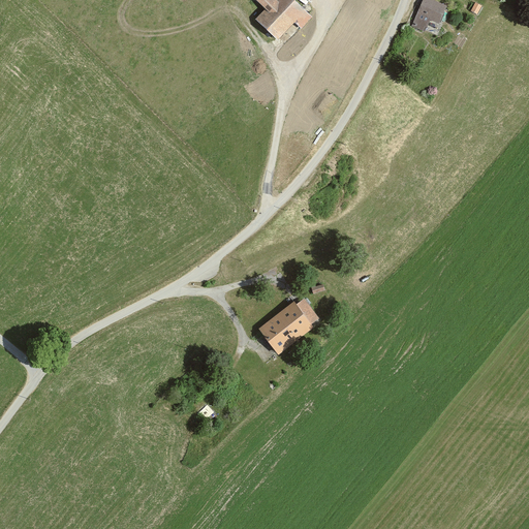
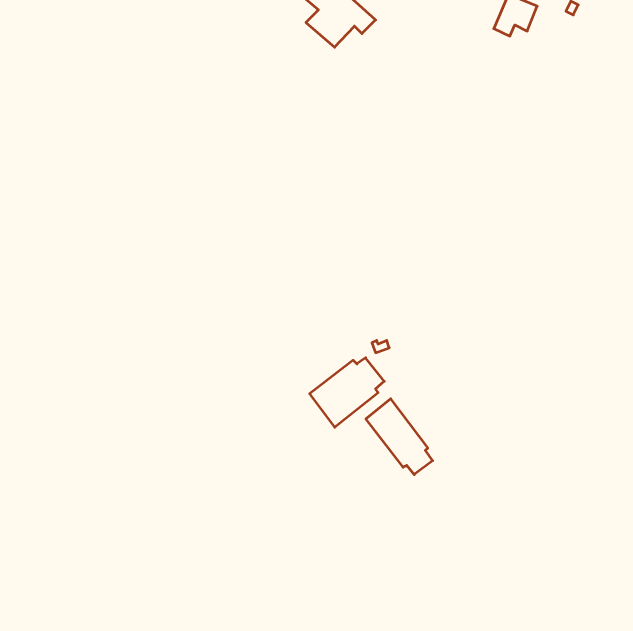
building: none -> [366,399,433,475]

